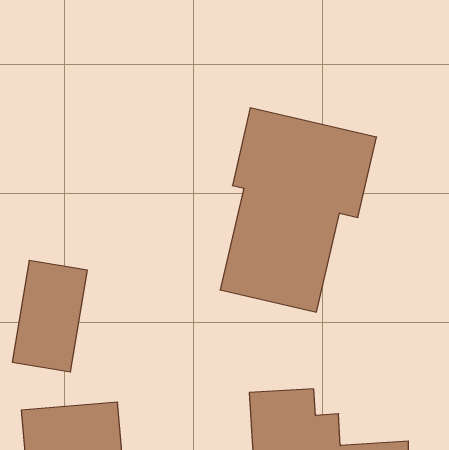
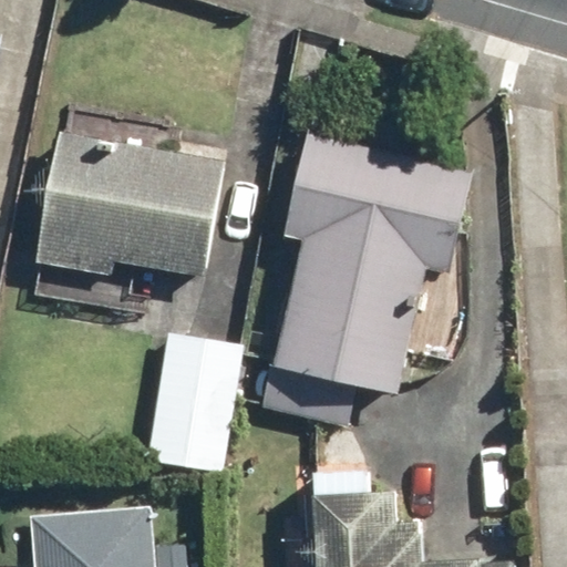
building: none -> [35,131,221,277]
building: [12,260,87,372] -> [145,331,239,471]

